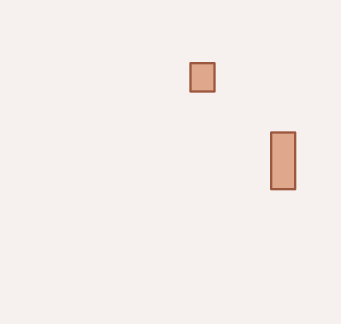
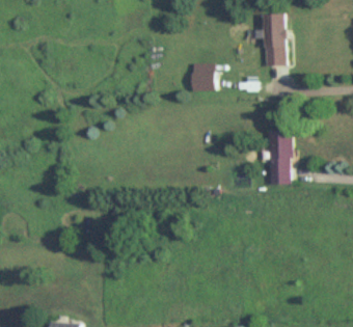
building: none -> [265,16,287,66]

